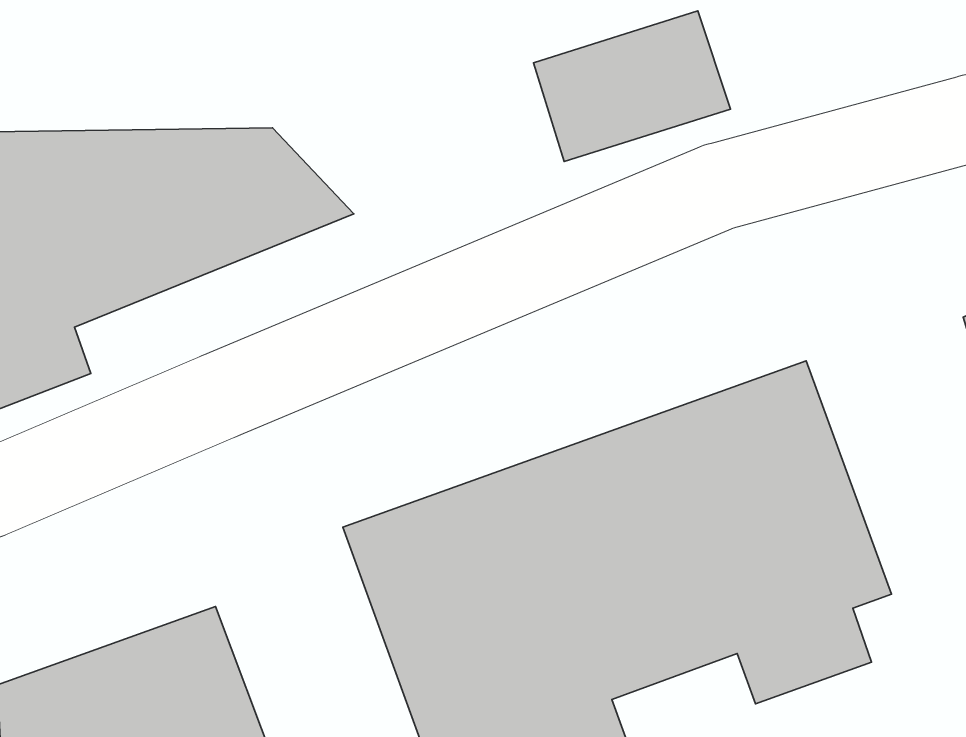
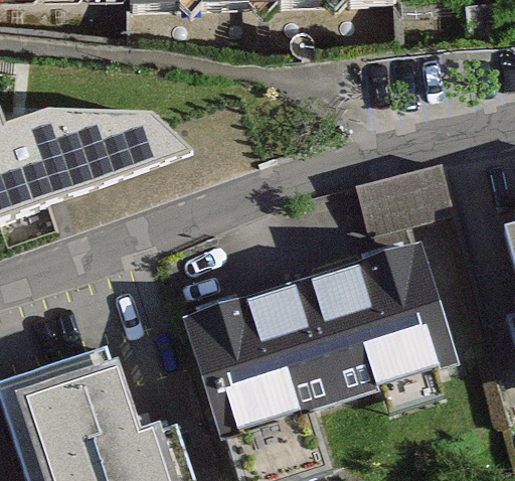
building: [533,11,731,161] -> [355,159,455,232]

